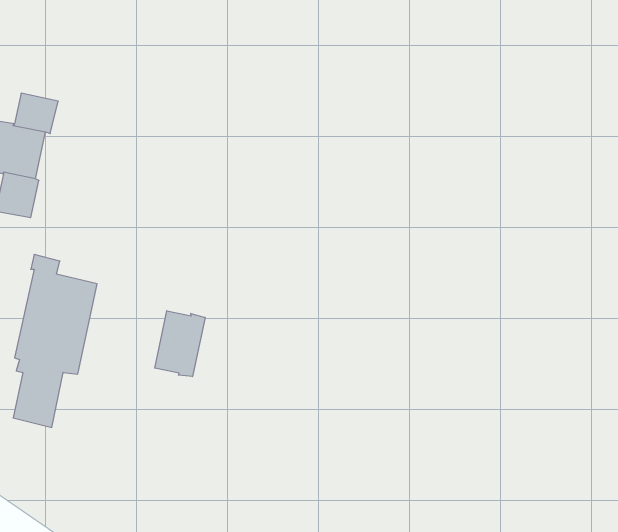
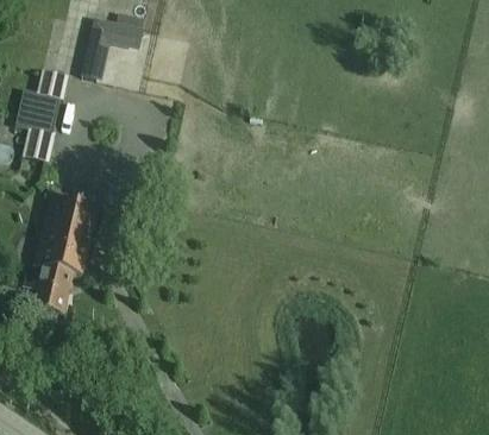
building: none -> [80,13,144,80]
building: [155,311,205,377] -> none

